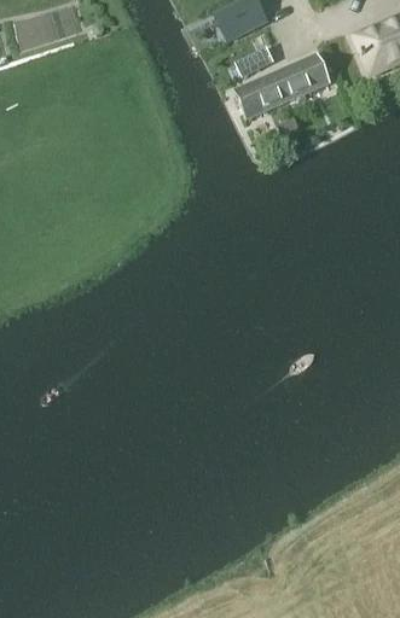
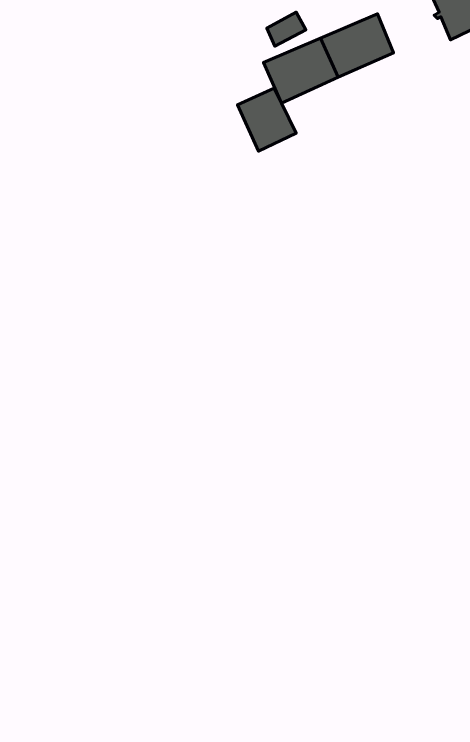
building: none -> [237,88,296,151]

